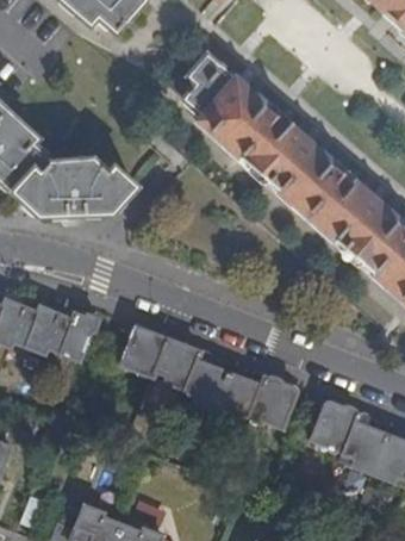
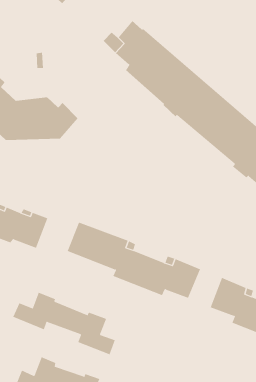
building: none -> [13,292,115,355]

